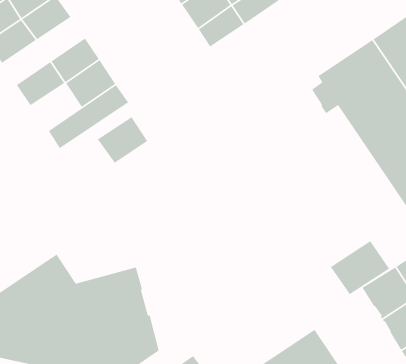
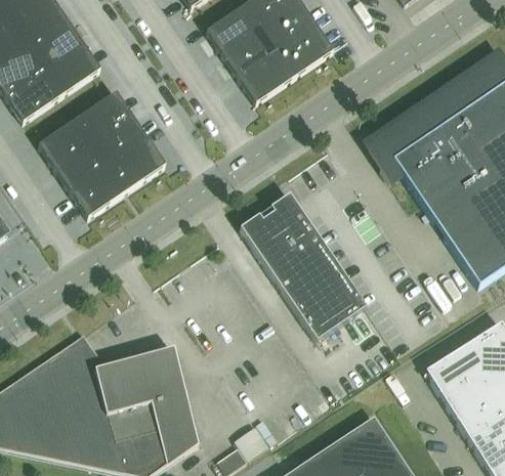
building: [97,116,148,164] -> [54,141,112,194]
building: none -> [240,192,366,339]
building: [330,240,390,295] -> none

